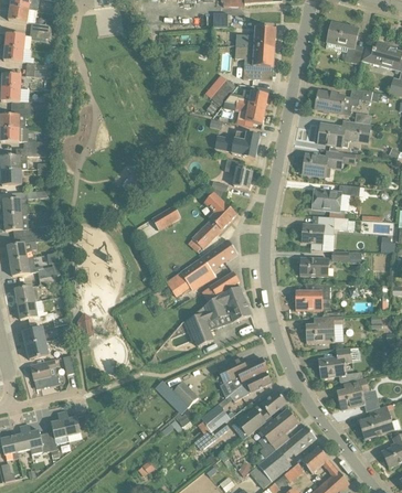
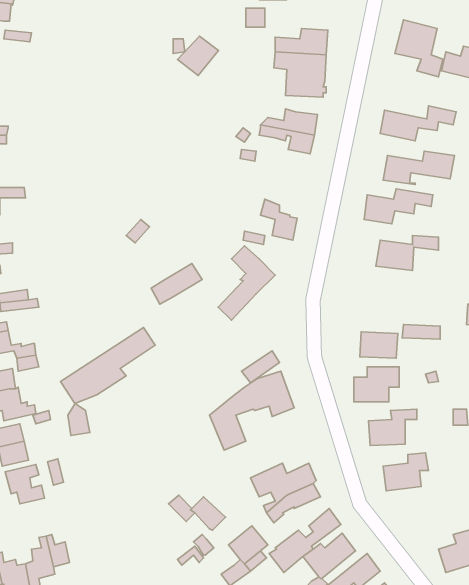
building: [203,75,234,105] -> [178,36,219,75]
building: [214,129,260,157] -> none
building: [302,216,348,243] -> none
building: [165,239,236,297] -> [60,328,155,403]
building: [336,378,368,409] -> none

